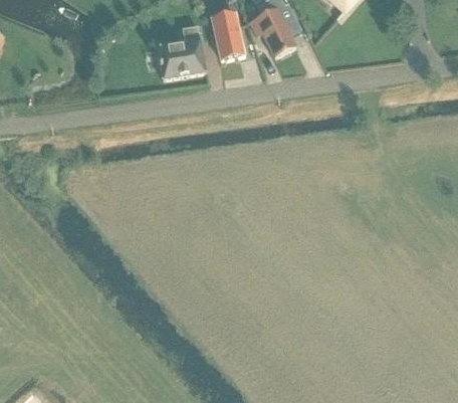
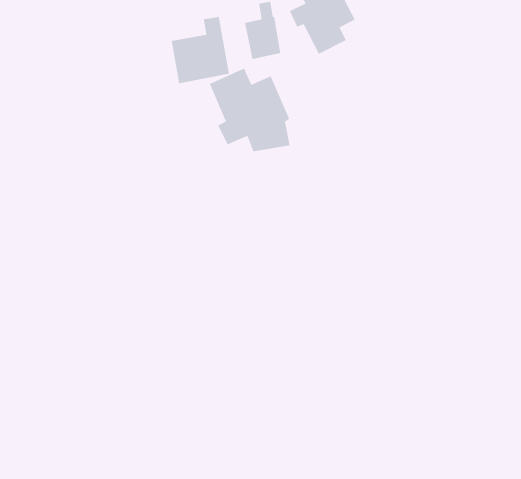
building: none -> [209,68,291,152]

